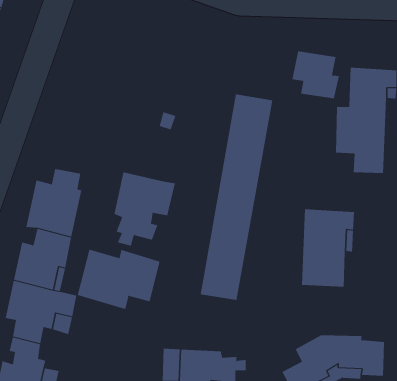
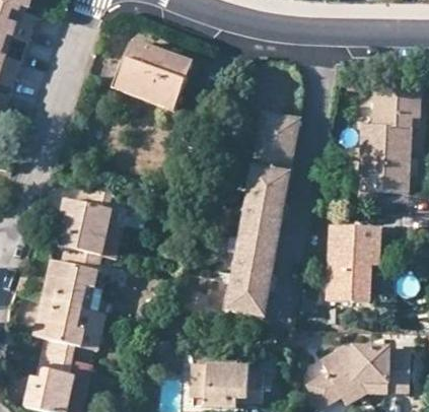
building: none -> [118,40,189,108]
building: [292,50,340,99] -> none
building: [114,171,176,246] -> none
building: [77,249,160,310] -> none

